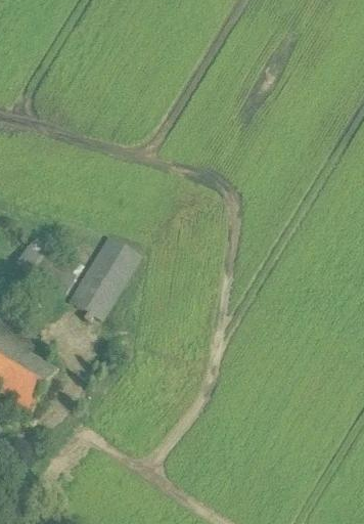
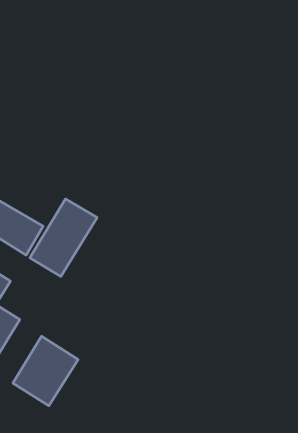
building: none -> [13,336,78,406]

